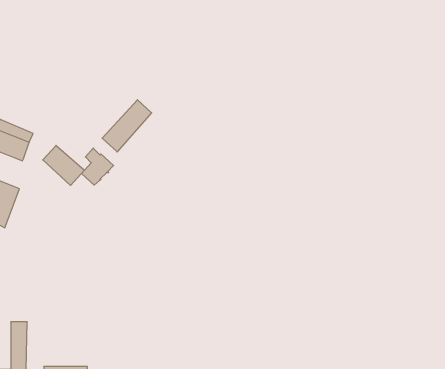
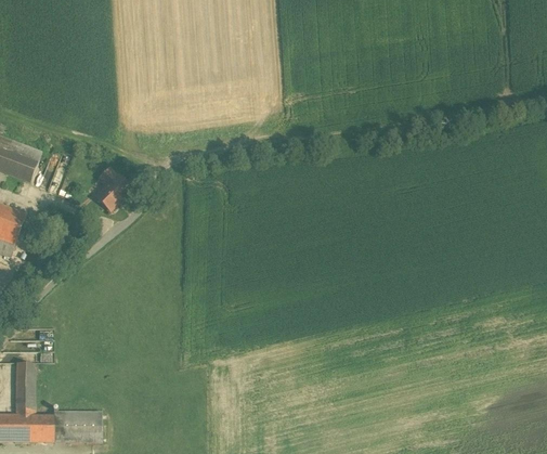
building: [102,100,152,152] -> none
building: [43,145,85,185] -> none

